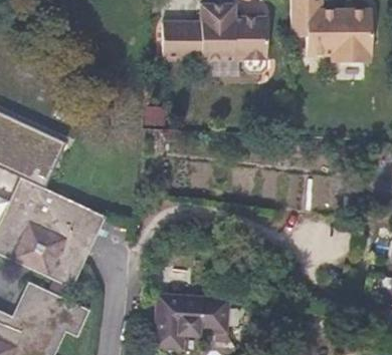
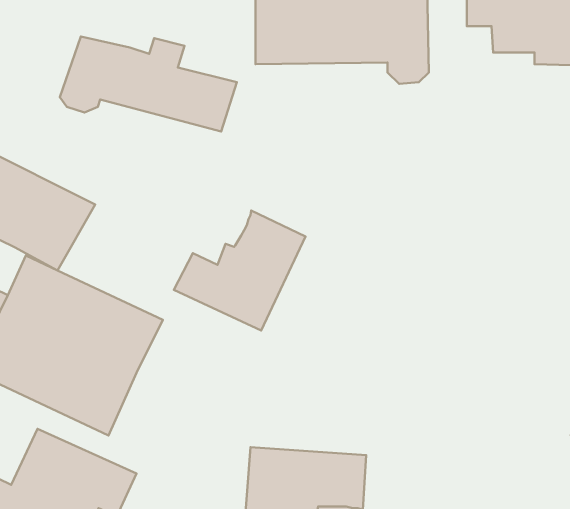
building: none -> [60,37,237,131]
building: none -> [174,211,305,331]

